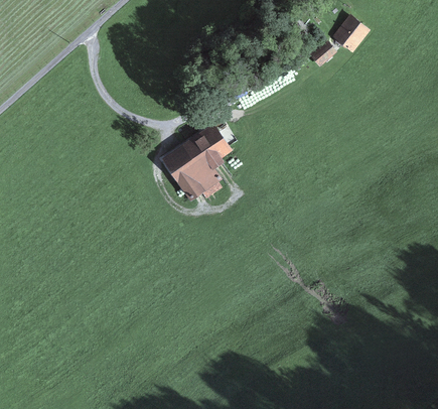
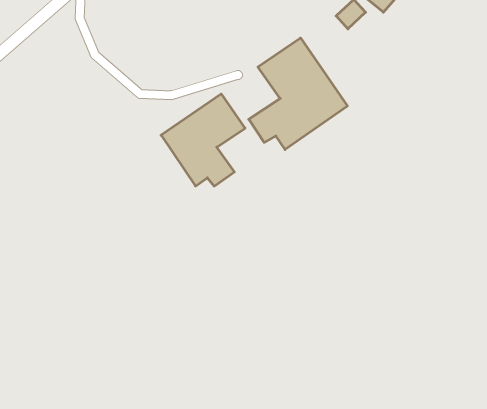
building: none -> [249,38,347,150]

